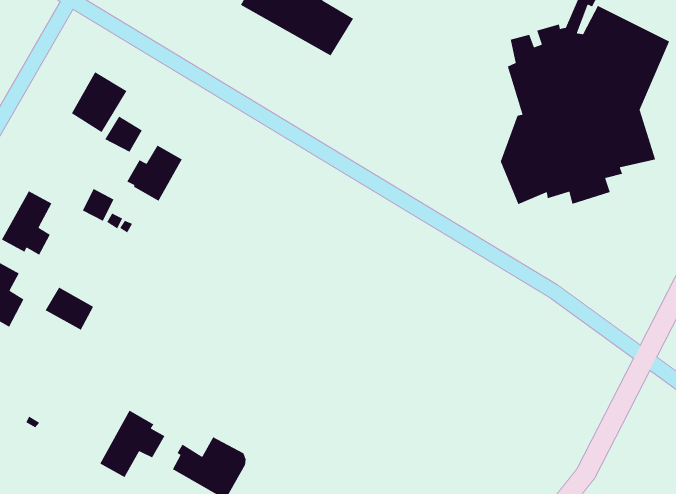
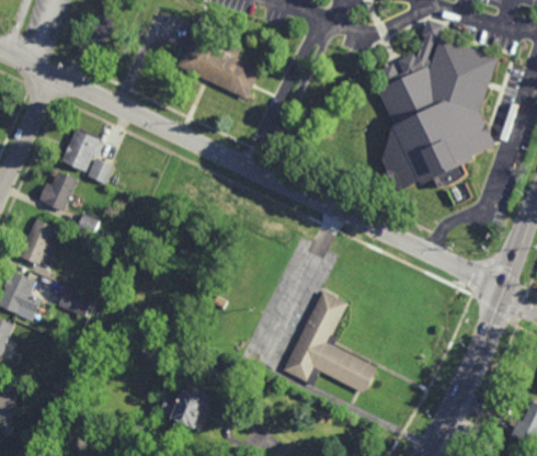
building: [126,145,183,202] -> [38,170,78,212]
building: none -> [283,290,376,394]
building: [99,409,166,478] -> none

